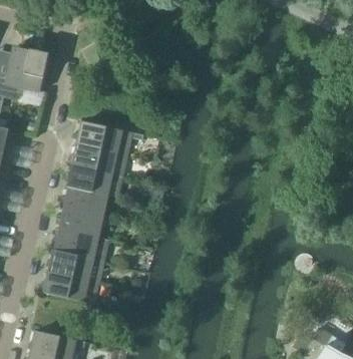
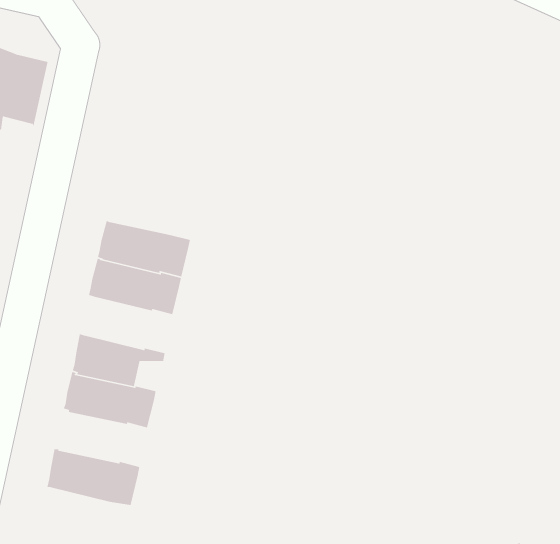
building: [79,121,142,154] -> none
building: [64,186,116,216] -> none
building: [50,249,102,281] -> none

